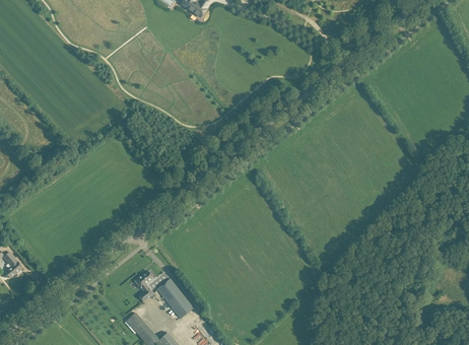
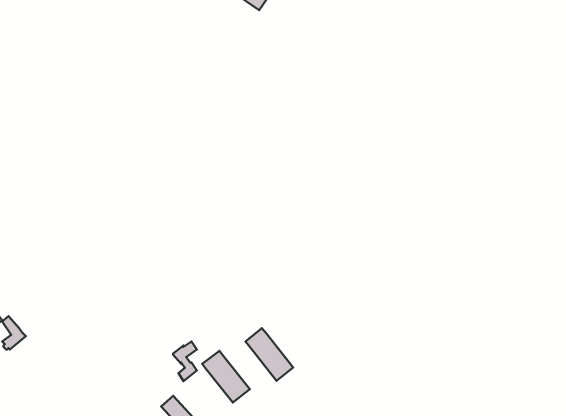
building: none -> [245,328,293,381]

